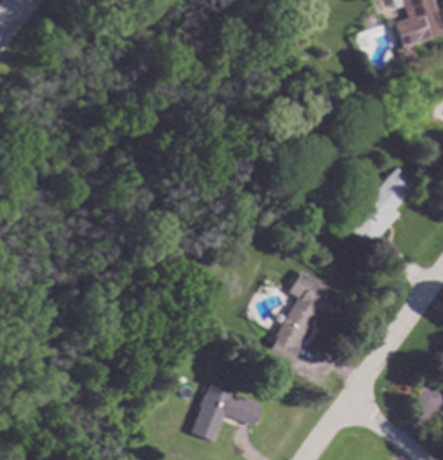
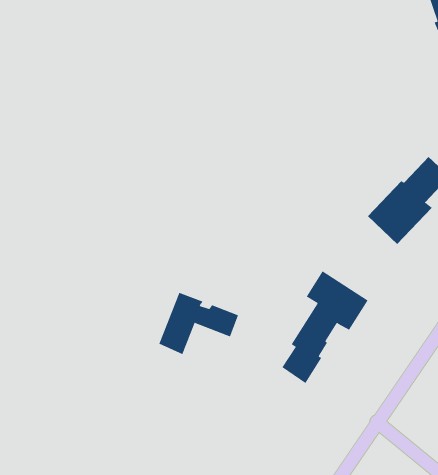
building: [191,385,263,441] -> [158,292,239,355]

